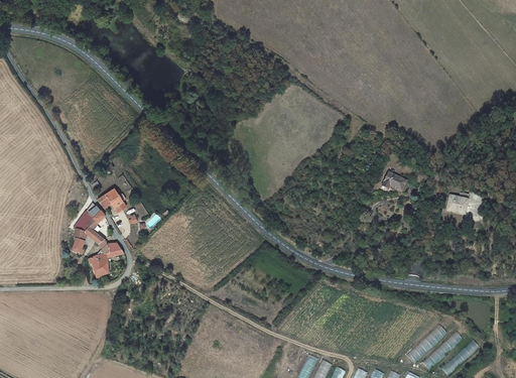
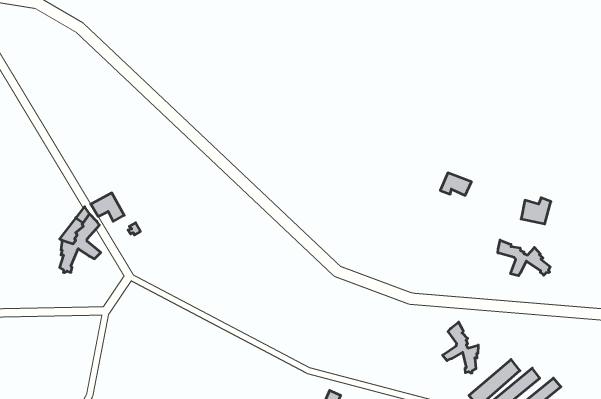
building: none -> [498,240,550,276]
building: [89,242,122,280] -> none
building: none -> [443,322,478,373]

